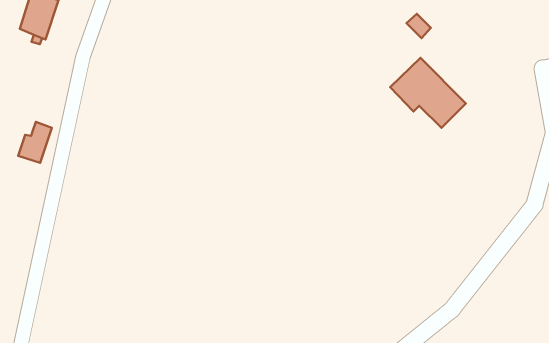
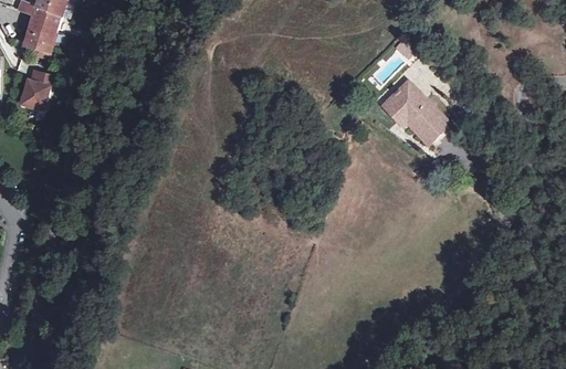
building: [18,122,52,163] -> [21,74,53,113]

